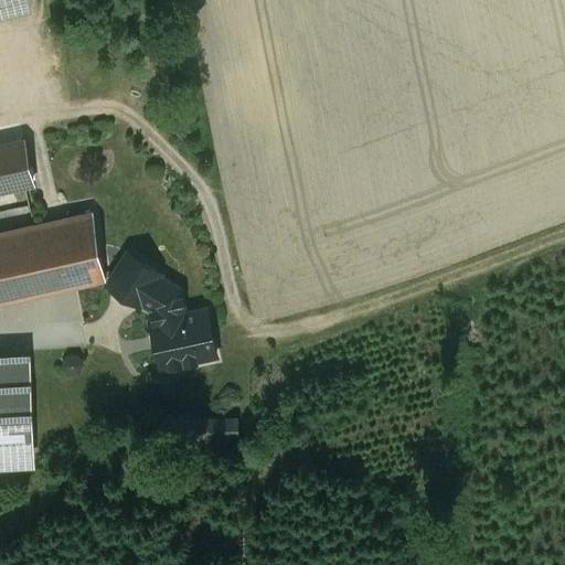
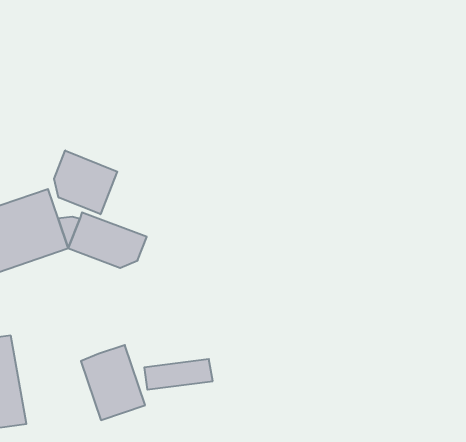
building: none -> [54,150,117,214]
building: [153,300,216,377] -> [81,345,145,420]

